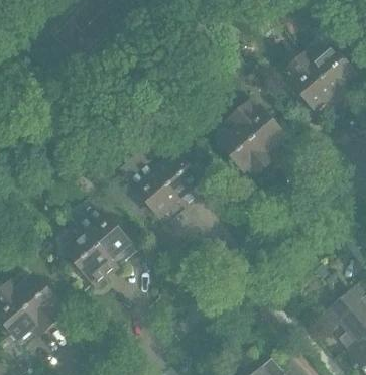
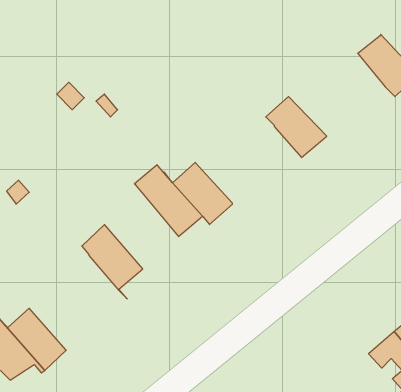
building: [284,55,334,107] -> none
building: [219,123,270,175] -> none
building: [65,233,116,286] -> none

